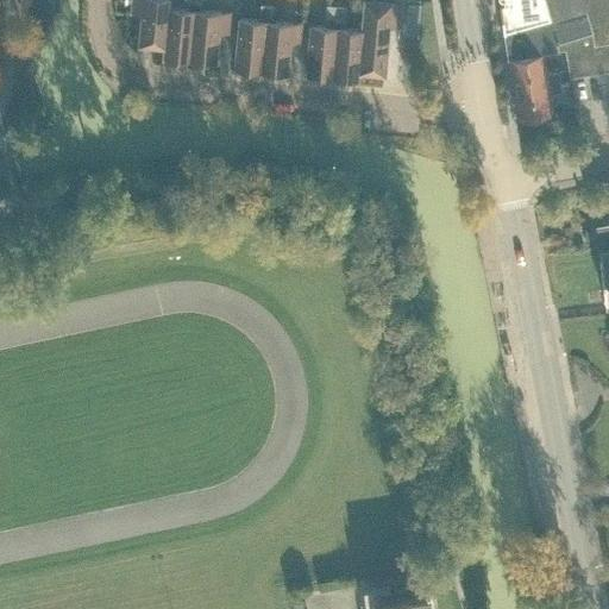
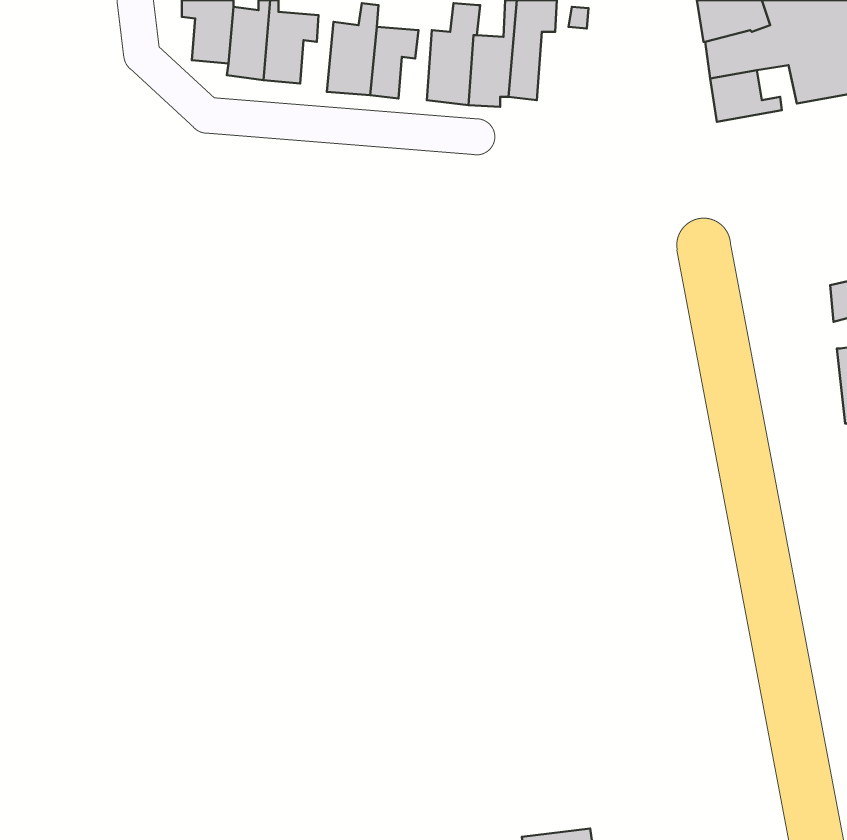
building: [515,87,564,126] -> none

